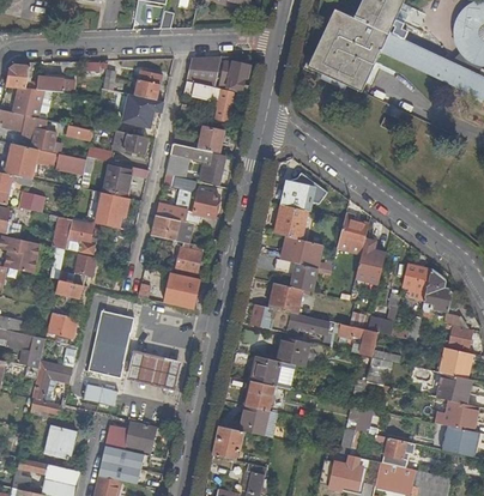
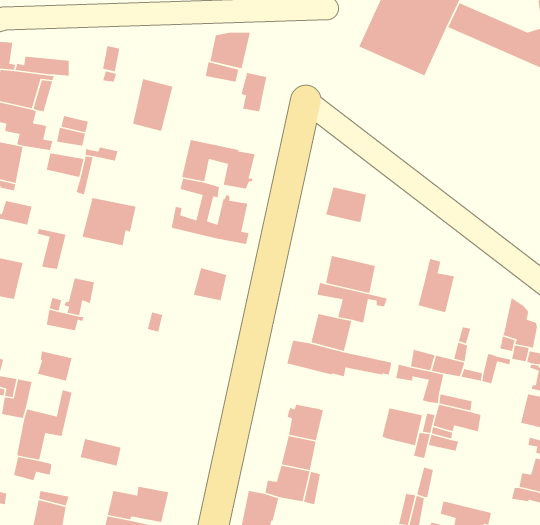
building: [218,61,247,91] -> none
building: [132,71,162,99] -> none
building: [171,126,223,152] -> none
building: [111,129,147,152] -> none
building: [103,165,147,194] -> none
building: [274,204,307,240] -> none
building: [335,212,368,254] -> none
building: [151,214,192,243] -> none
building: [65,219,96,255] -> none
building: [401,262,431,297] -> none
building: [163,272,200,309] -> none
building: [87,309,134,377] -> none
building: [276,335,309,367] -> [381,407,423,446]
building: [127,350,180,389] -> none

